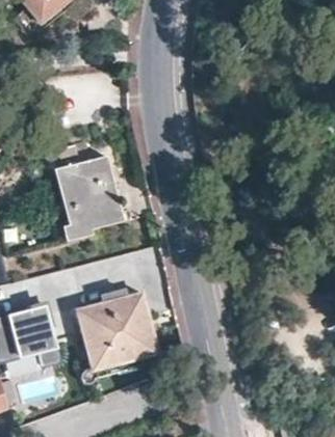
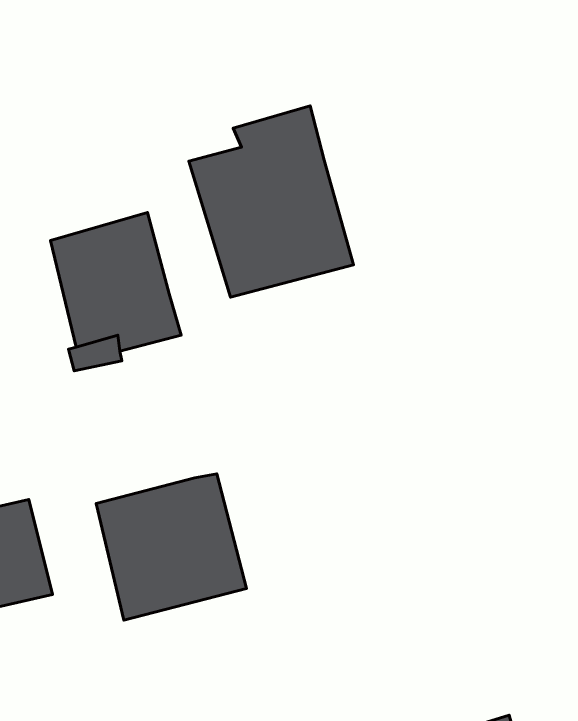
building: none -> [189,106,354,297]

